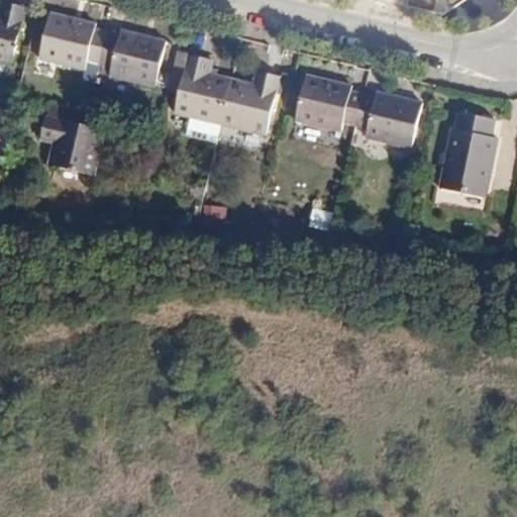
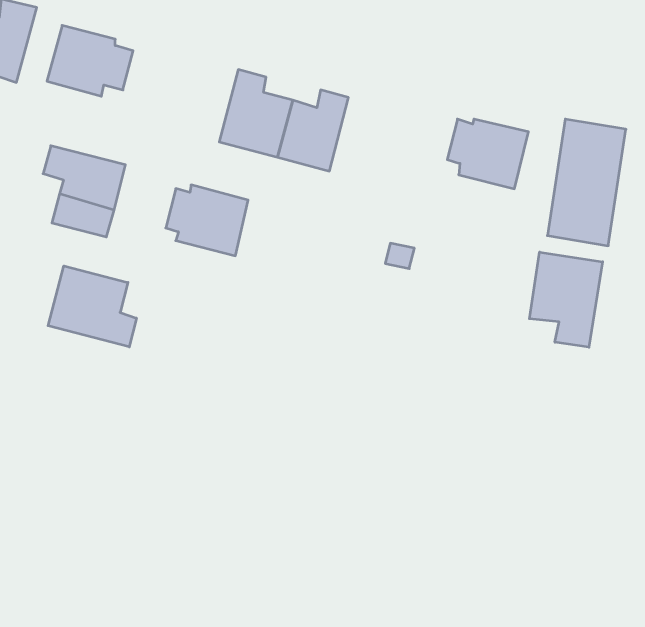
building: [98,37,164,94] -> [166,185,248,256]
building: [298,78,365,134] -> none
building: none -> [529,252,603,347]
building: none -> [48,266,136,347]

